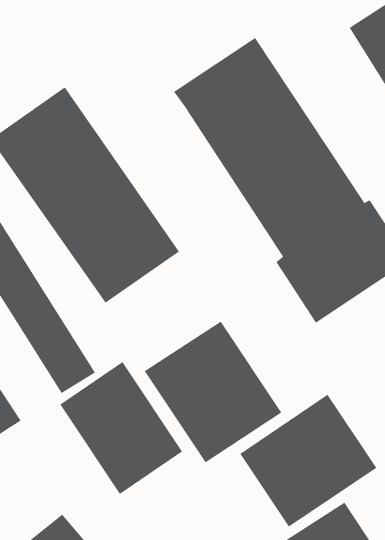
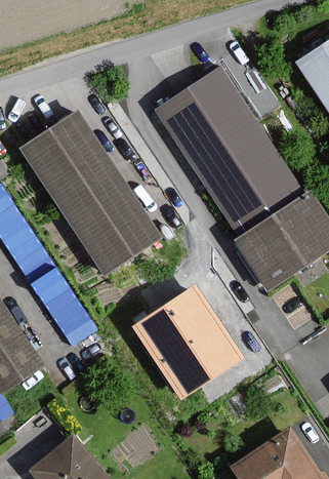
building: [59,361,183,495] -> none
building: [240,394,377,528] -> none

